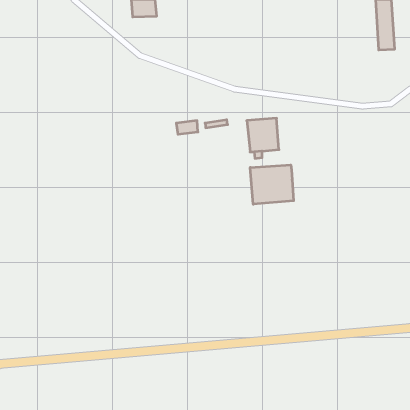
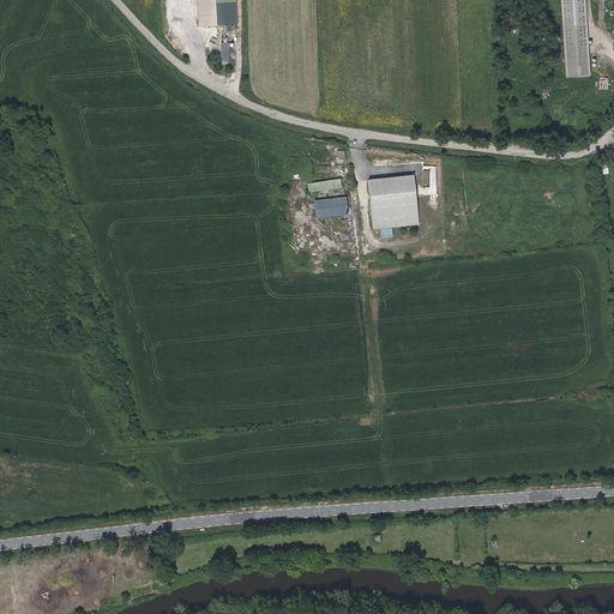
building: [176,121,198,134] -> [313,197,345,217]
building: [250,165,294,204] -> none

